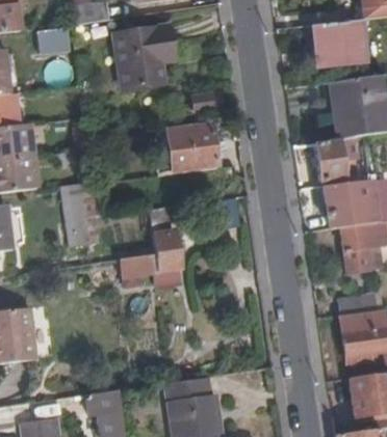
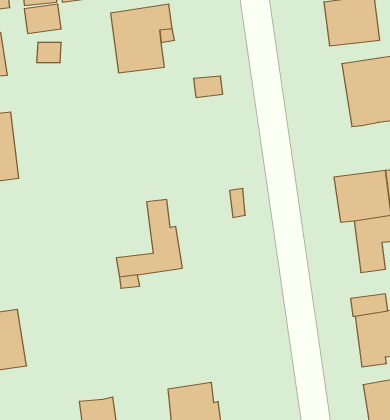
building: [169,124,218,172] -> none
building: [316,138,353,181] -> none
building: [59,180,97,247] -> none

